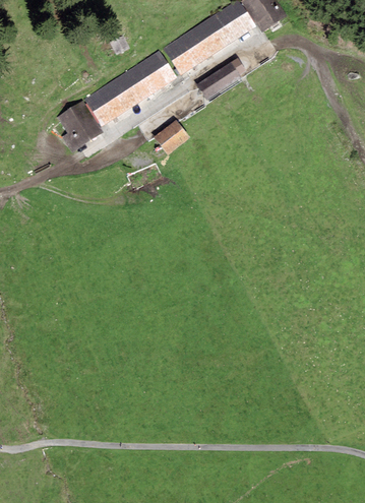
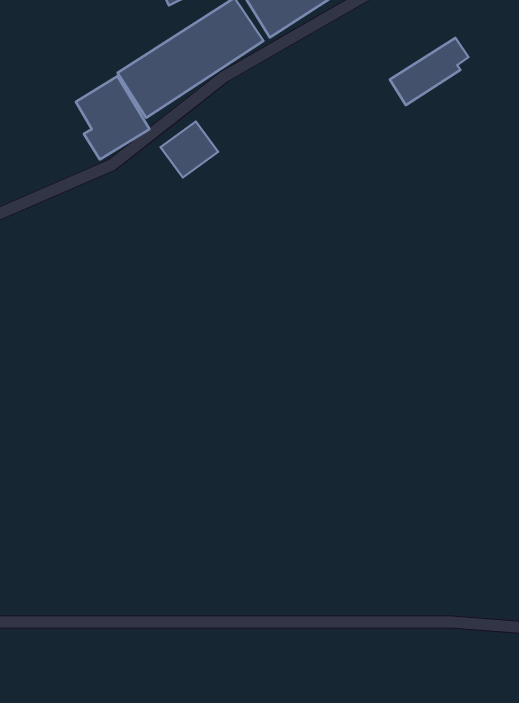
building: [196,58,246,101] -> [390,38,468,105]
building: [154,121,190,156] -> [160,121,218,178]

